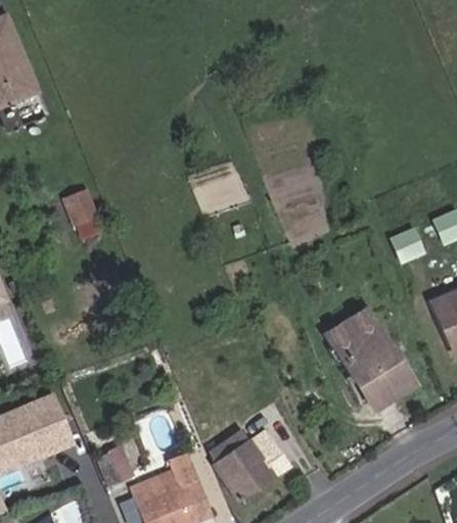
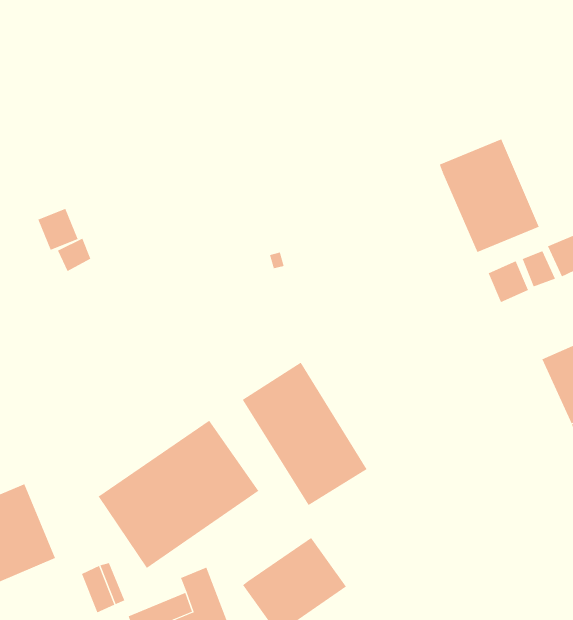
building: none -> [439,138,539,253]
building: [323,307,414,412] -> [242,362,368,506]
building: none -> [98,420,259,569]

